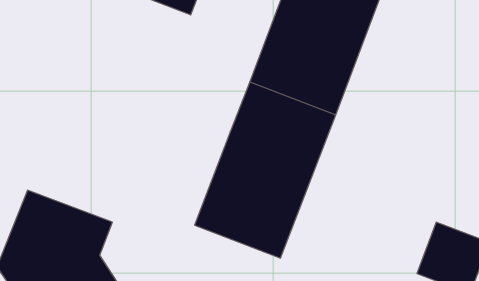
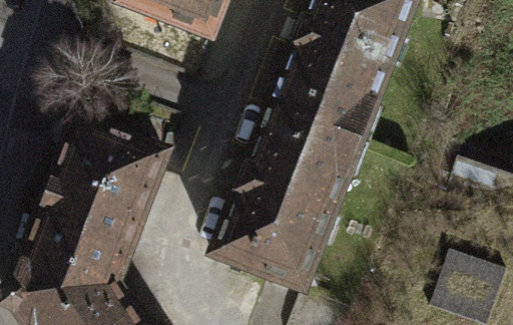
building: none -> [43,120,169,254]

